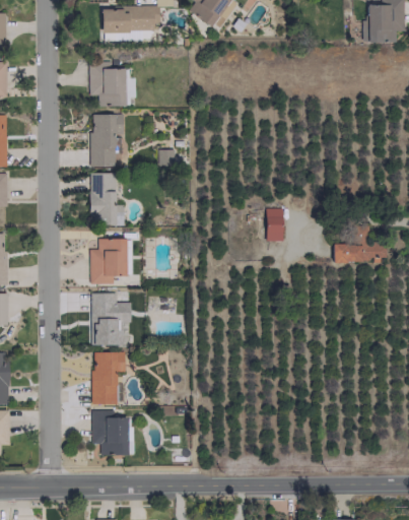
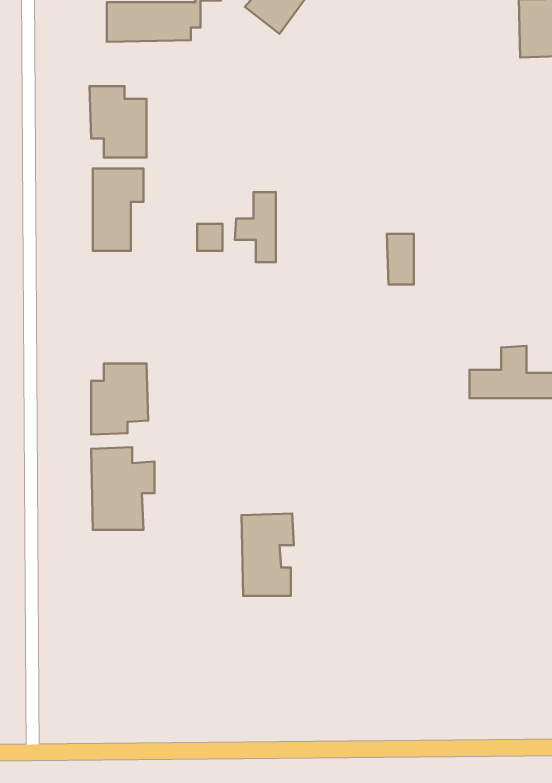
building: none -> [235,192,276,262]
building: [90,173,124,224] -> none
building: [266,208,283,241] -> [387,234,414,284]
building: [92,351,126,404] -> [242,513,294,596]
building: [92,410,129,455] -> none

